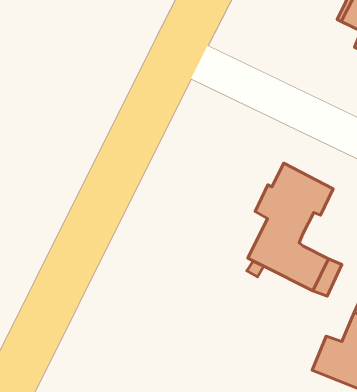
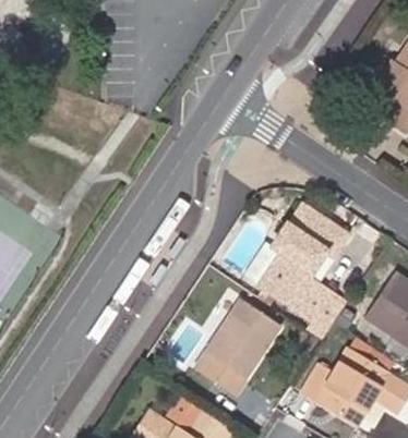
building: none -> [197,303,279,398]

